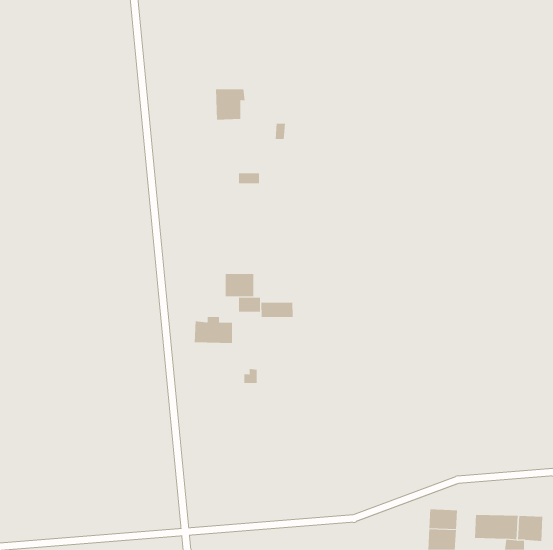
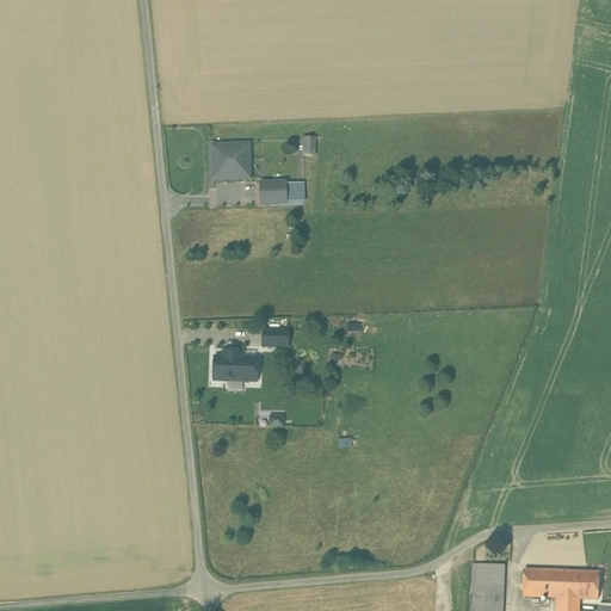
building: [215,89,245,120] -> [212,143,246,178]
building: [225,273,254,297] -> none
building: [261,302,293,318] -> none

